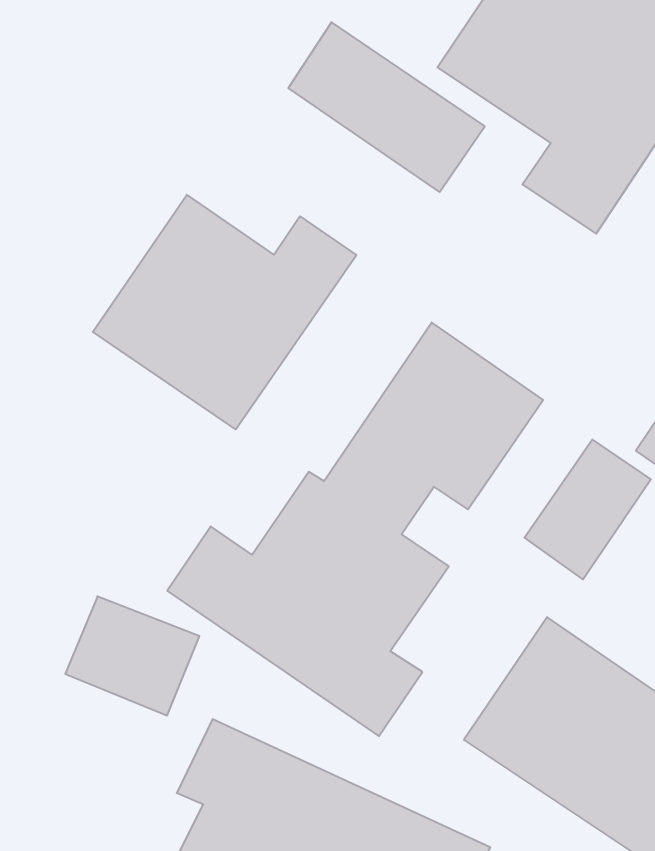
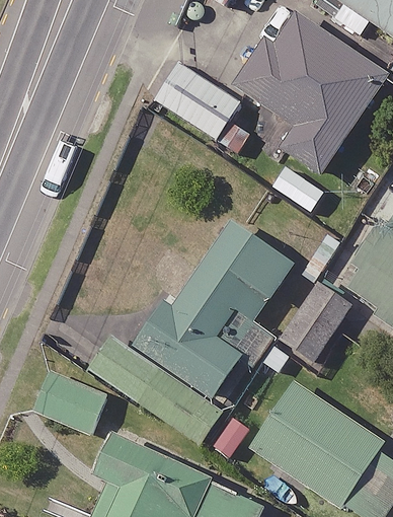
building: [93,195,356,429] -> none

